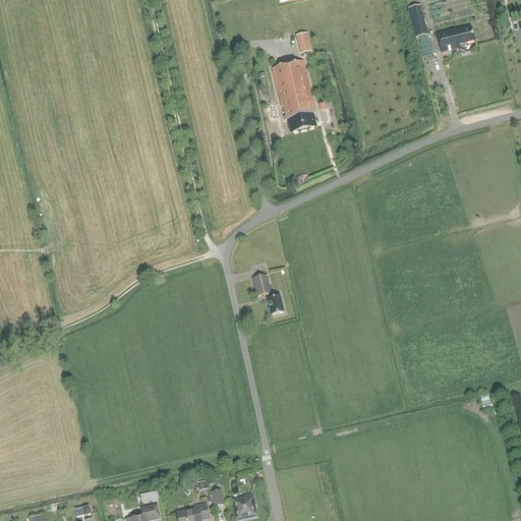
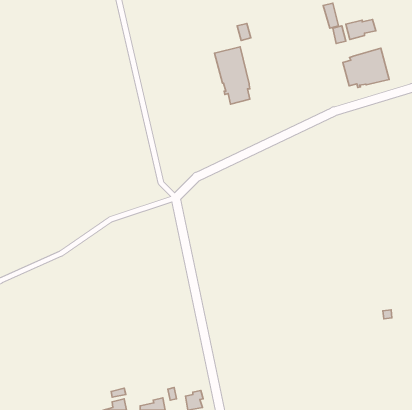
building: none -> [343,48,389,88]
building: [252,273,283,313] -> none

